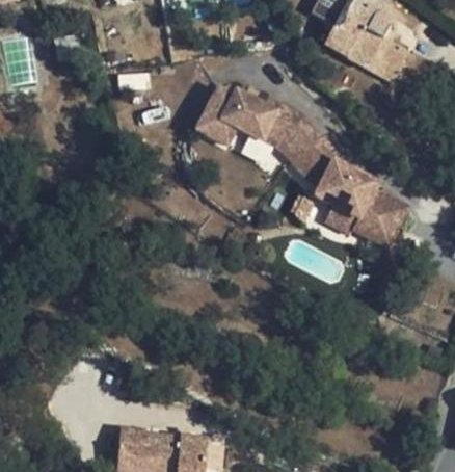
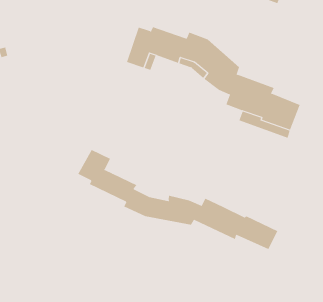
building: none -> [77,149,278,250]

